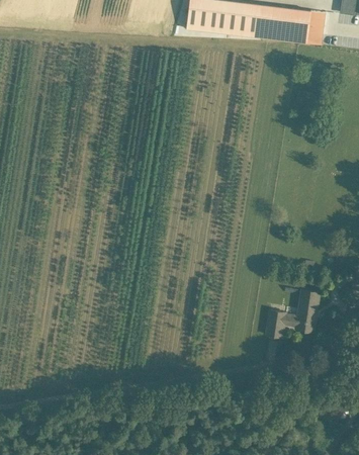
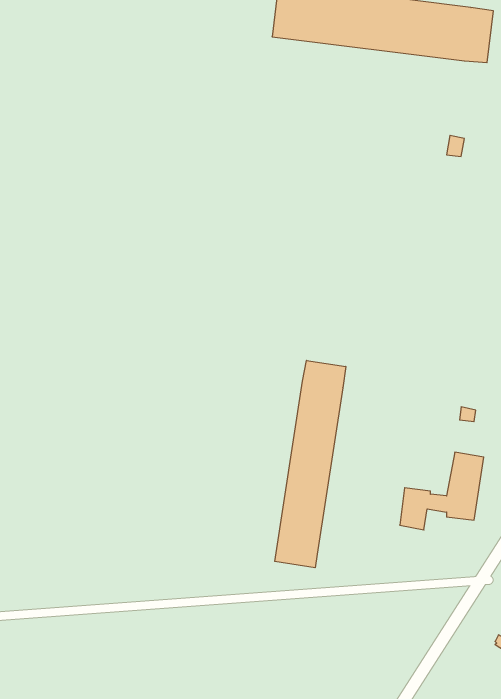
building: none -> [275,360,346,568]

